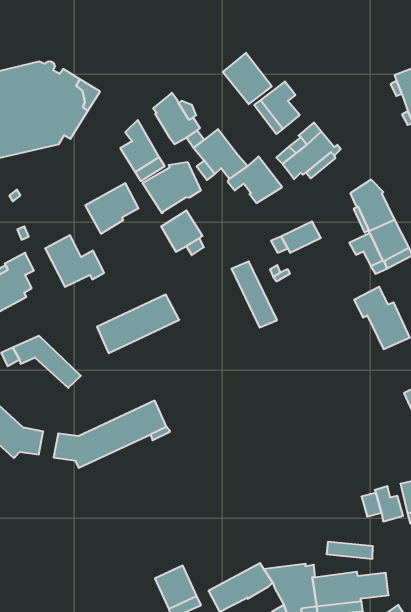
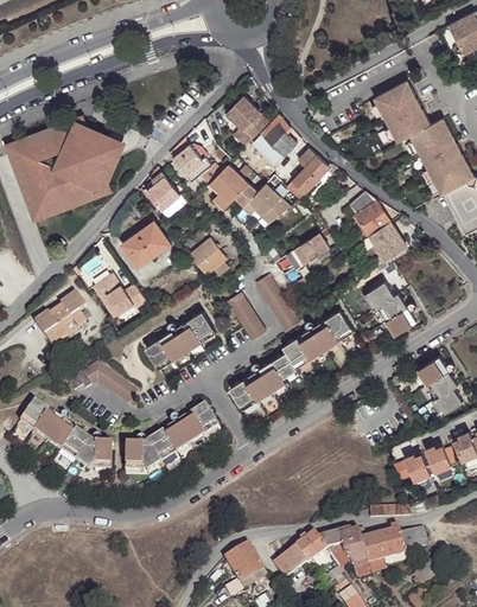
building: [143,162,201,213] -> none
building: none -> [227,292,266,339]
building: none -> [230,309,354,409]

